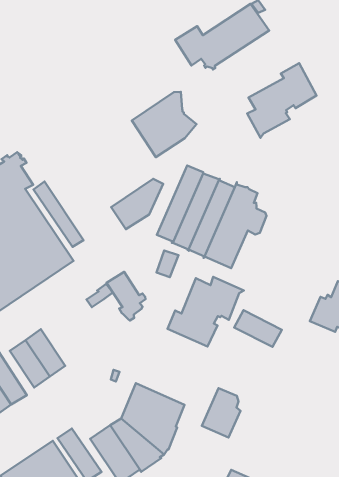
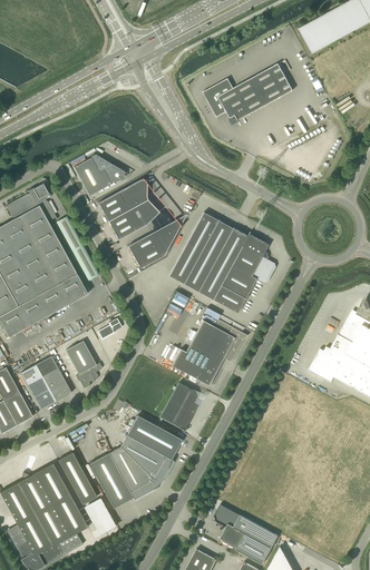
building: [247,63,316,138] -> none
building: [132,92,196,157] -> [98,179,159,239]
building: none -> [74,156,124,196]
building: [106,272,145,321] -> [66,341,101,387]
building: [234,310,282,347] -> none
building: [202,388,240,438] -> [159,382,197,430]

